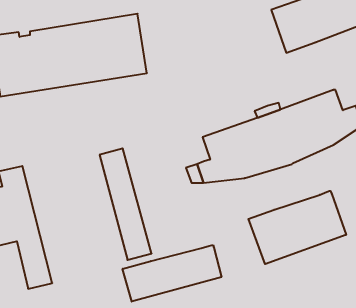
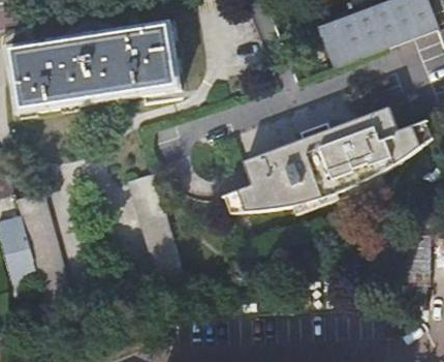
building: [248,191,346,264] -> none
building: [123,245,221,302] -> none

